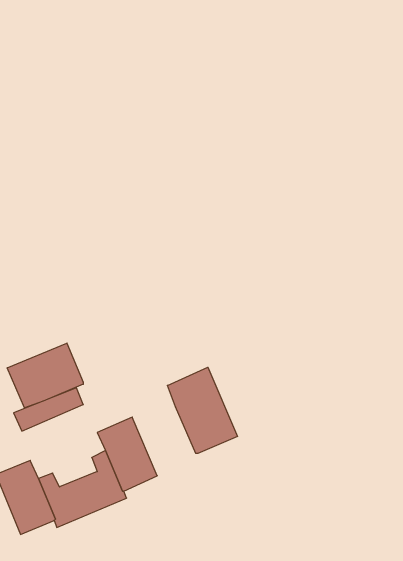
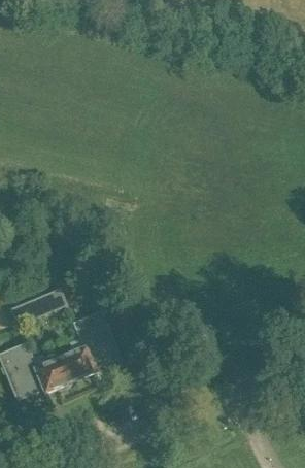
building: [7,343,83,408] -> none
building: [167,367,237,453] -> none

